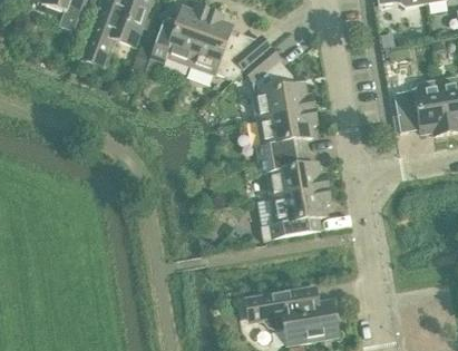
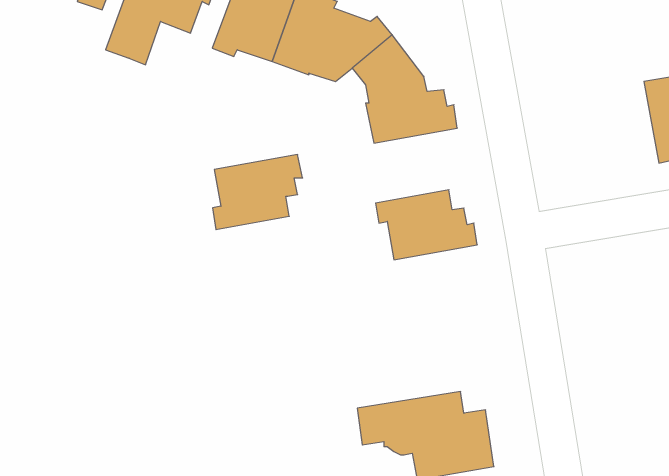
building: [394,78,449,135] -> none
building: [257,109,318,159] -> [213,155,303,230]
building: [262,187,331,240] -> none

